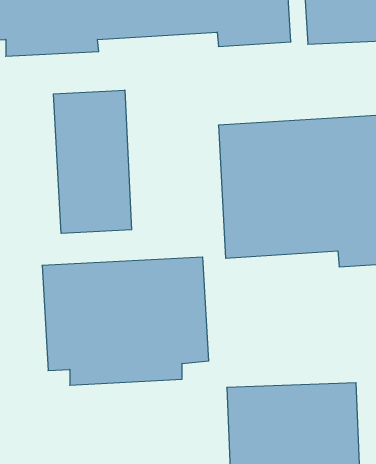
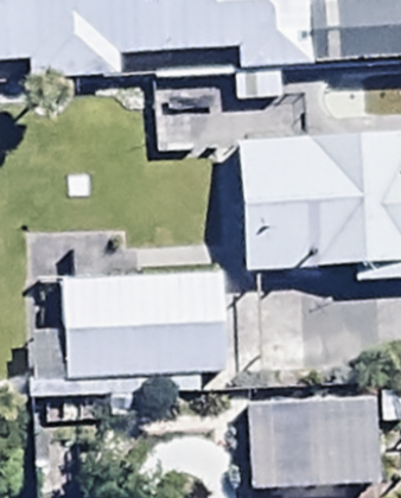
building: [54,90,132,233] -> none

